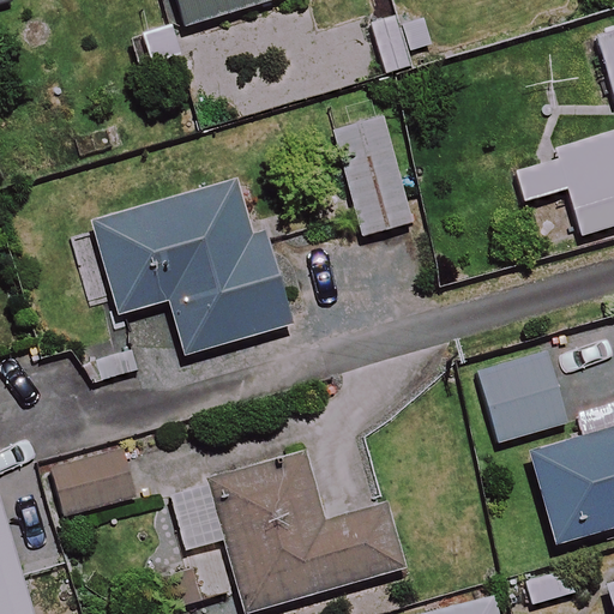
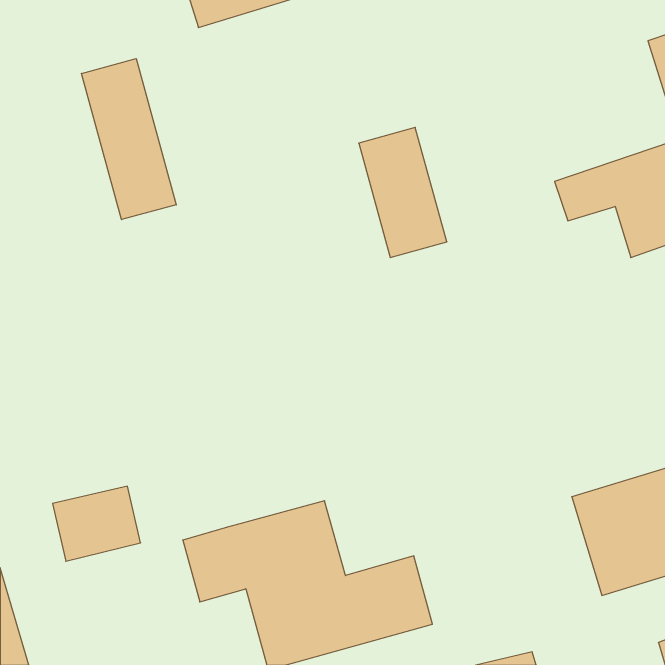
building: none -> [81,59,176,220]
building: [96,180,294,354] -> none
building: [472,347,568,441] -> none

